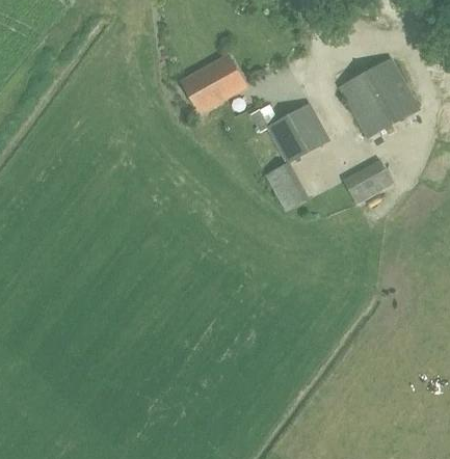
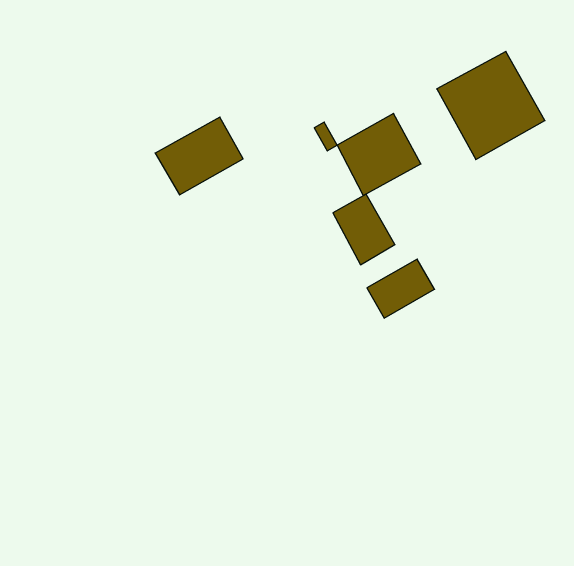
building: [182,55,245,111] -> [155,117,243,195]
building: [344,160,393,203] -> [367,259,435,318]

